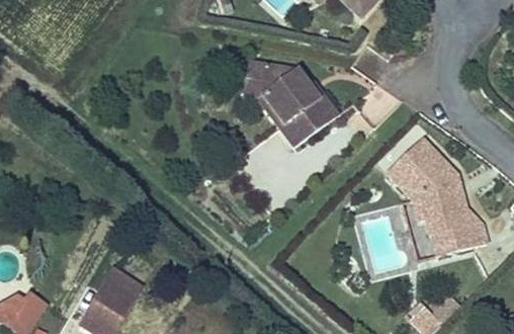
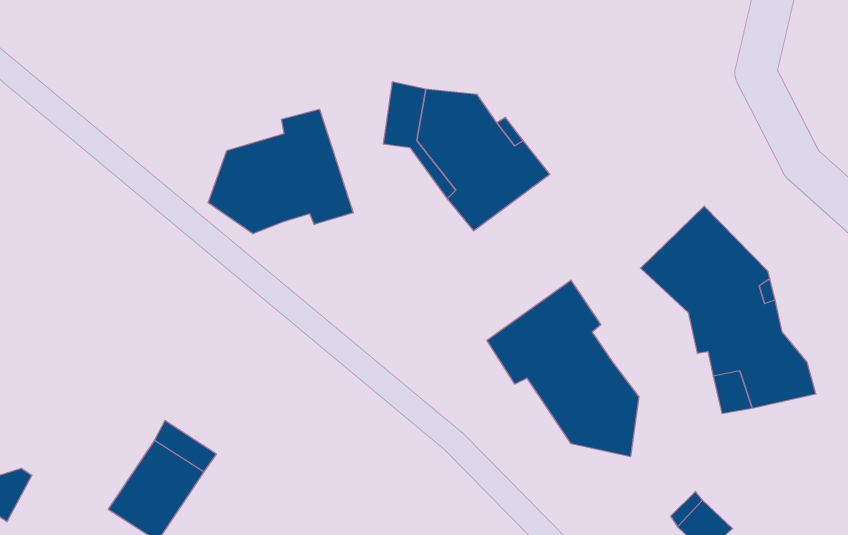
building: none -> [208,109,353,234]
building: none -> [487,280,639,457]

